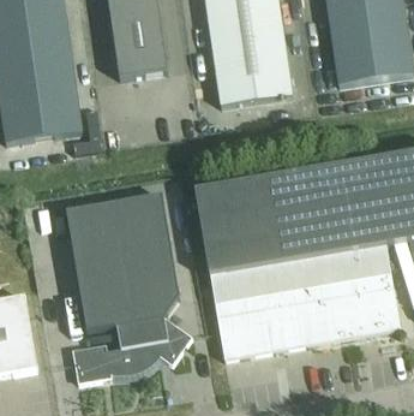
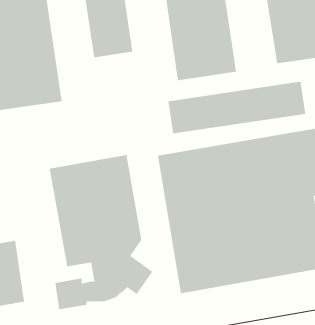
building: none -> [168,81,306,134]

